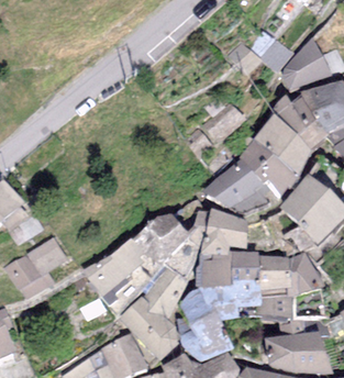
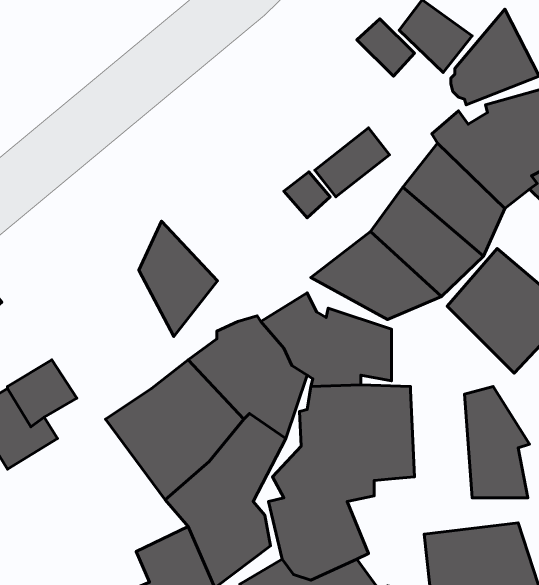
building: none -> [139,221,218,336]
building: [249,255,293,321] -> none

